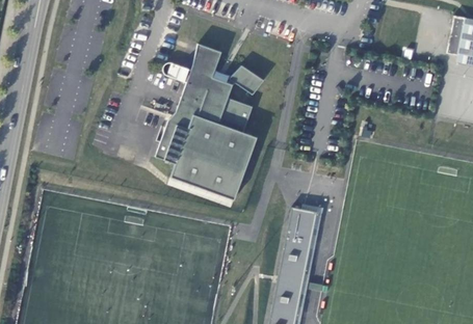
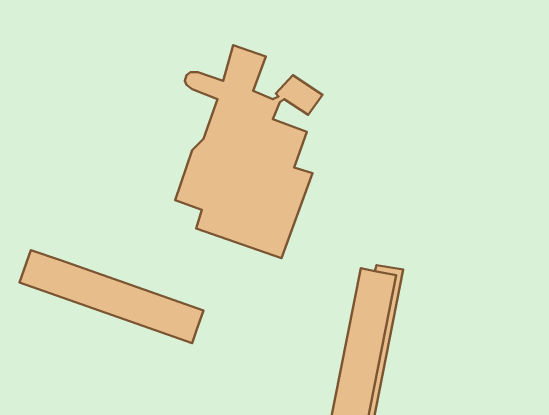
building: none -> [19,250,203,343]

